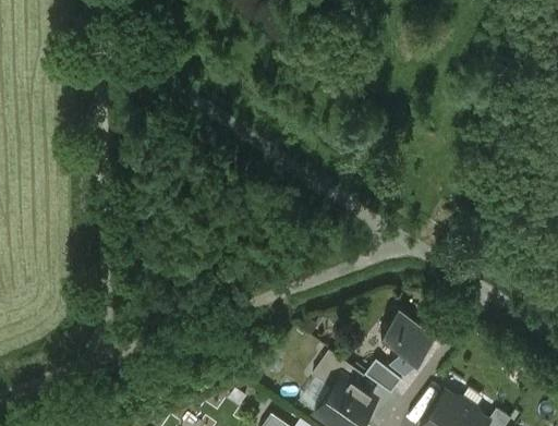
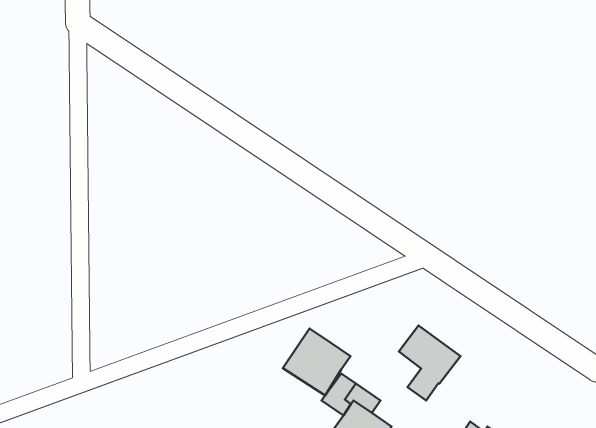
building: none -> [283,329,351,396]
building: [365,362,402,395] -> none

